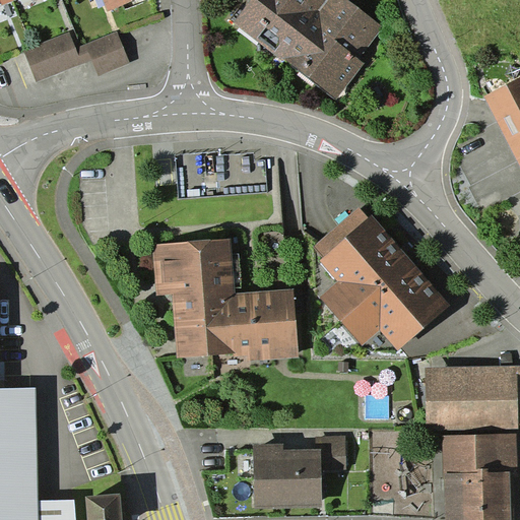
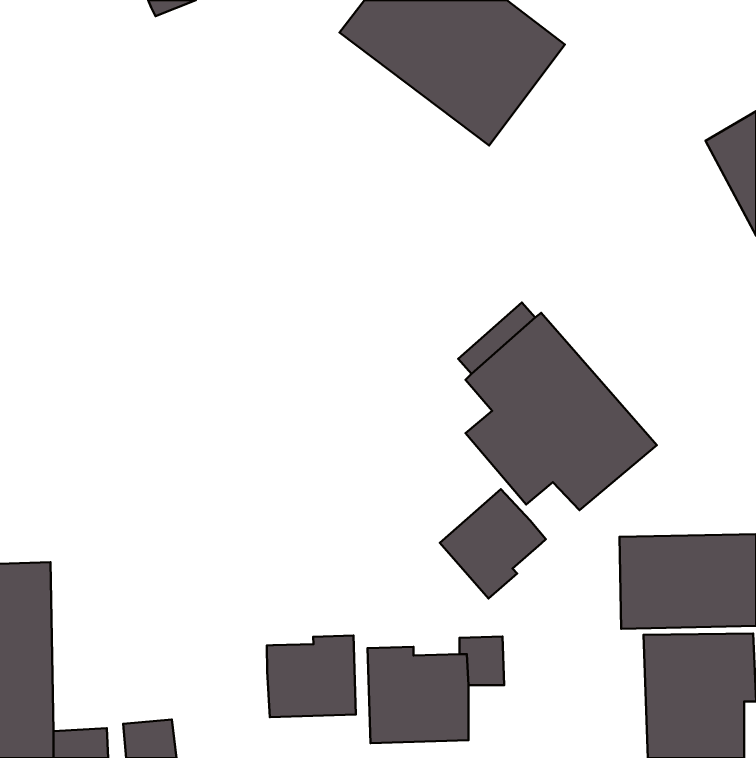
building: [23,31,129,82] -> none
building: [151,238,298,361] -> none
building: none -> [440,489,546,599]
building: none -> [267,636,356,717]

